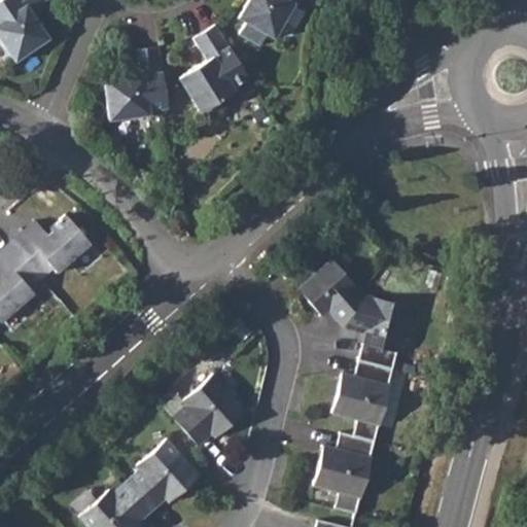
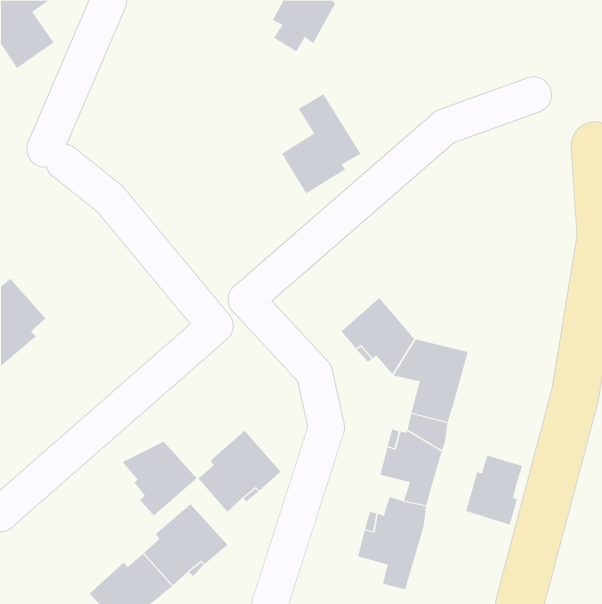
building: [179,25,249,112] -> [281,93,362,194]
building: [104,46,168,120] -> none
building: [11,214,92,278] -> none
building: none -> [122,441,198,516]
building: none -> [465,455,523,526]

